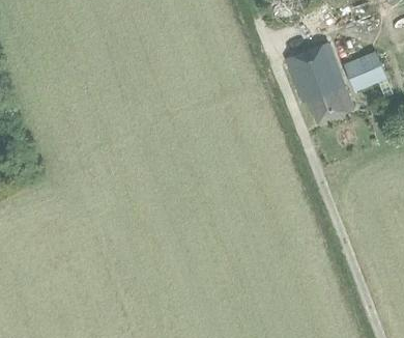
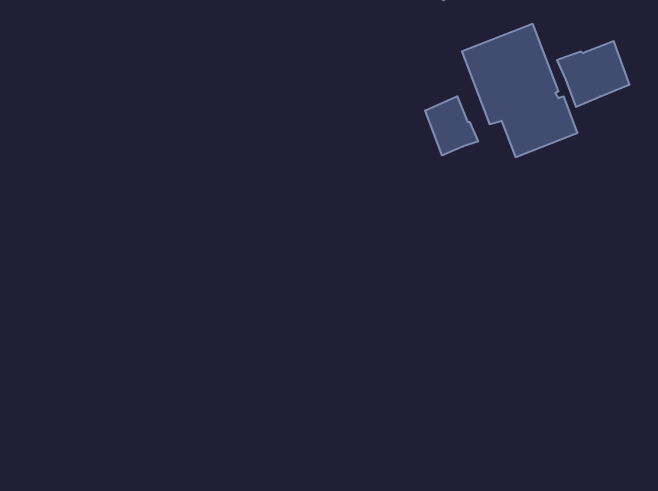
building: none -> [425,96,478,155]

